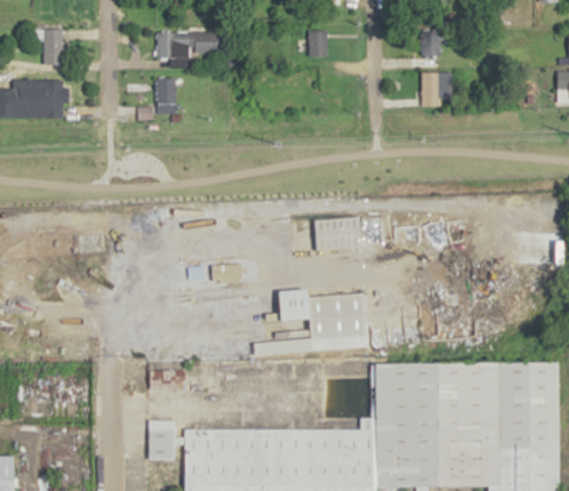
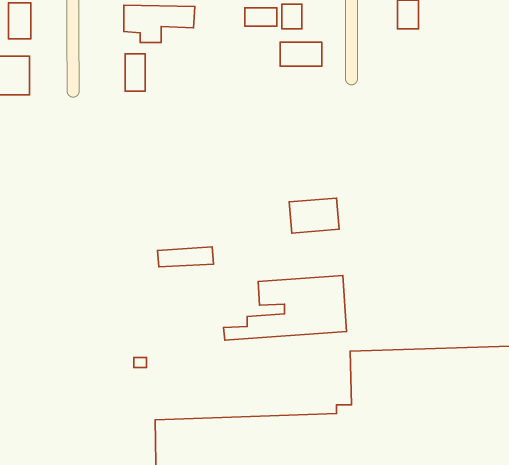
building: none -> [245,8,277,26]
building: none -> [280,42,322,66]
building: [420,71,443,107] -> none
building: [148,427,176,460] -> none

